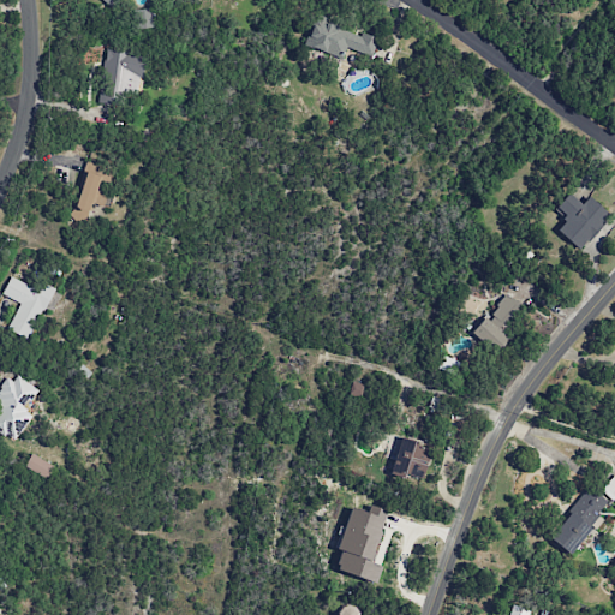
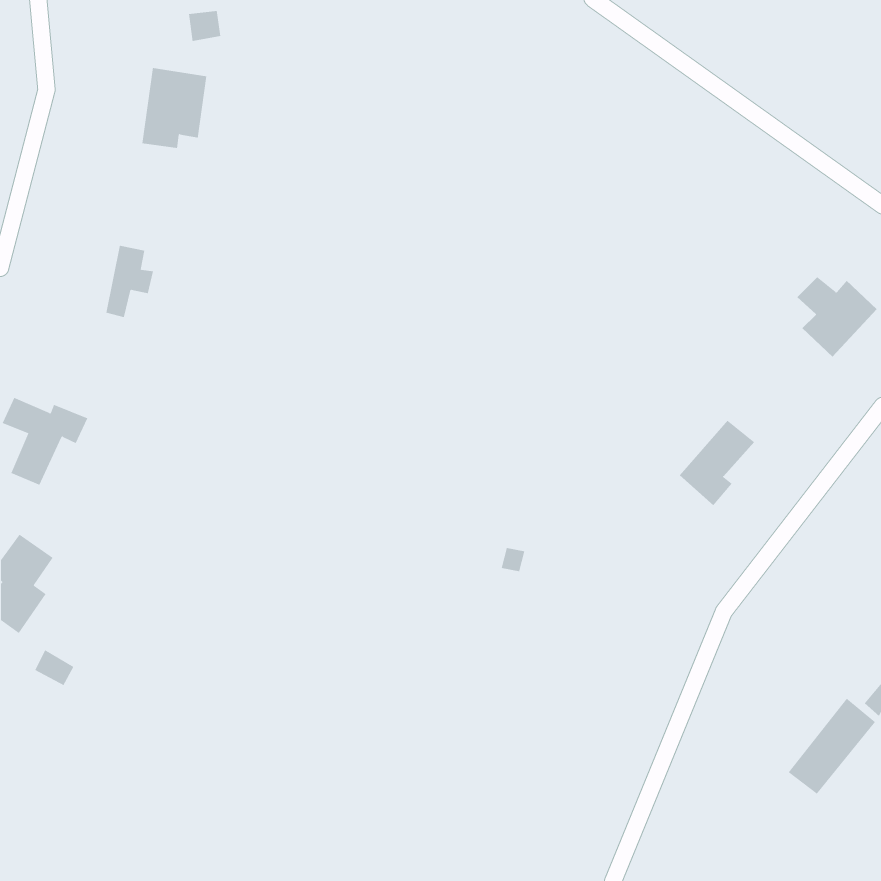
building: [305,16,378,58] -> none
building: [390,437,432,478] -> none
building: [336,503,388,581] -> none

